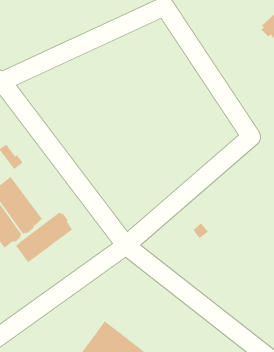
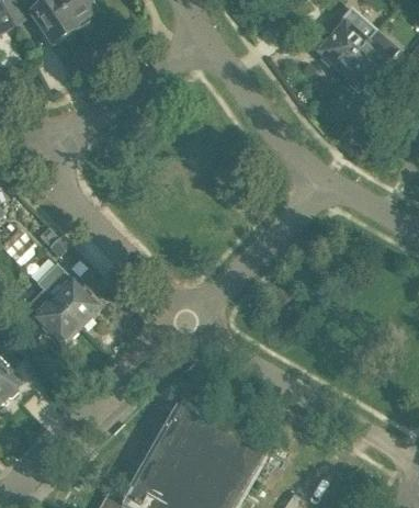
building: [15,211,73,263] -> none

